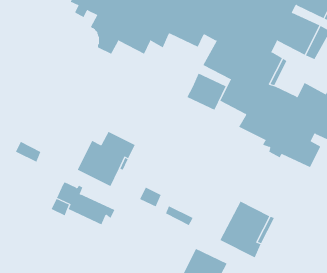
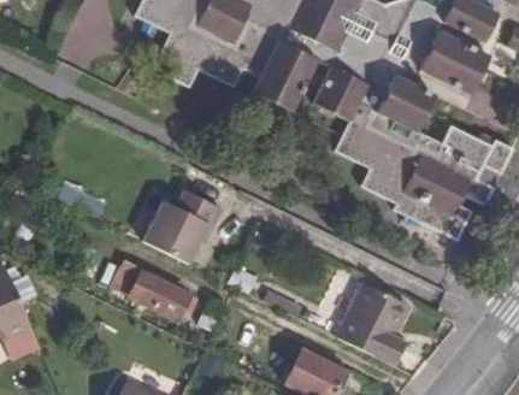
building: [186,73,227,110] -> [253,58,307,108]

